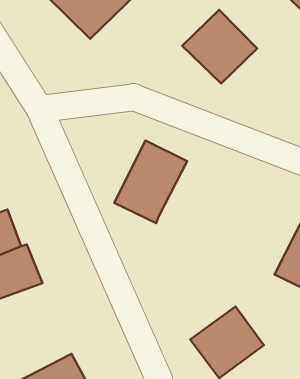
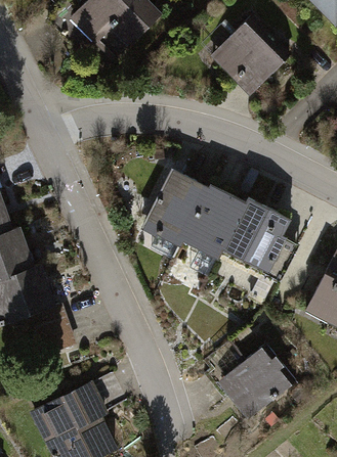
building: none -> [182,183,291,283]

